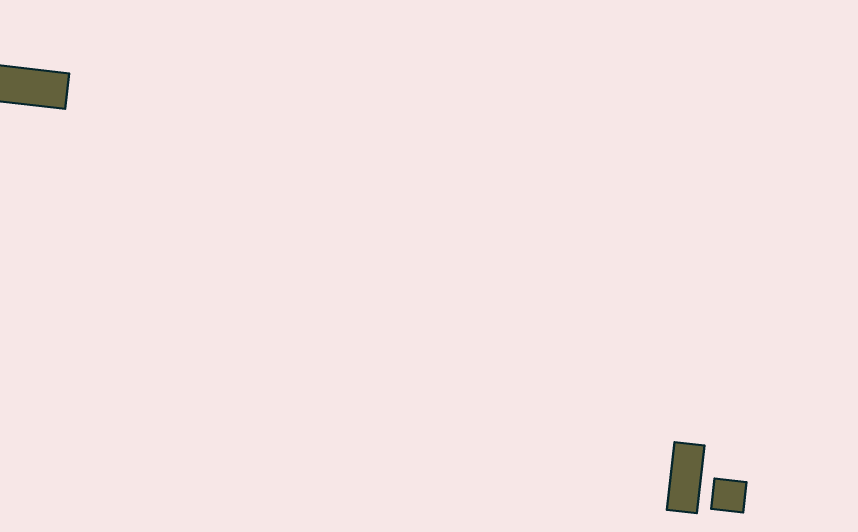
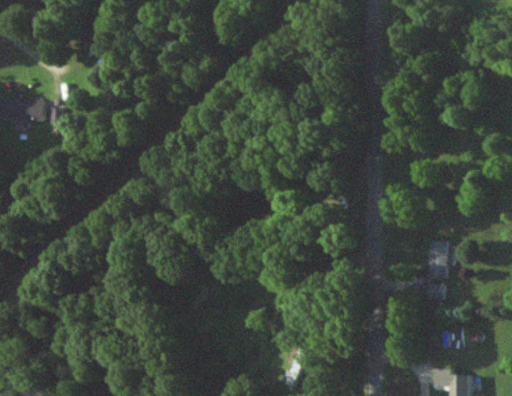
building: [667,442,705,513] -> [431,243,448,281]

